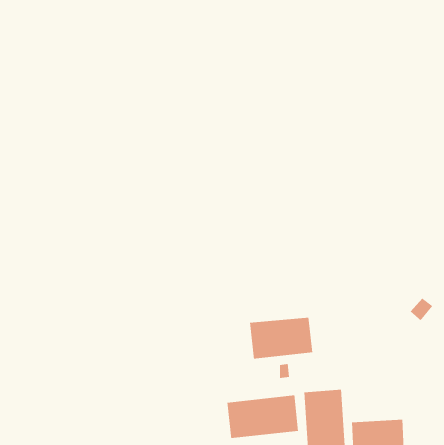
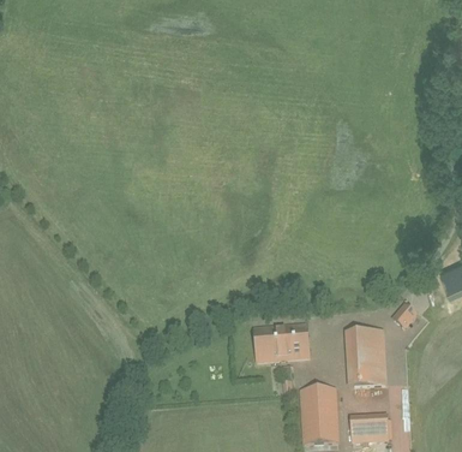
building: none -> [350,332,384,387]
building: [227,395,299,439] -> none

